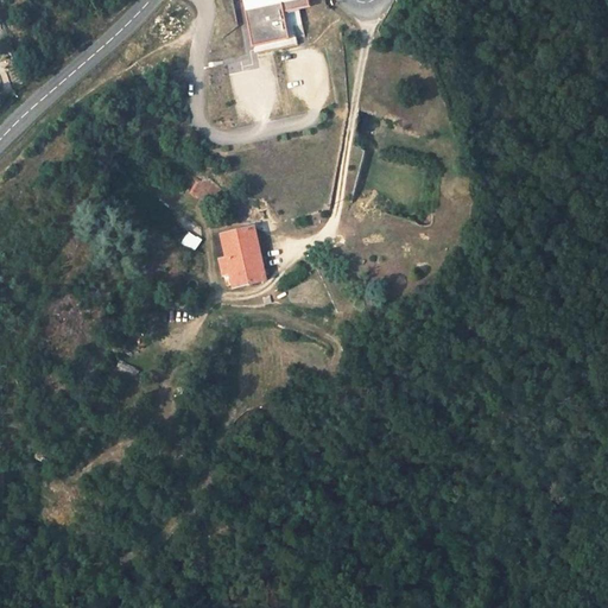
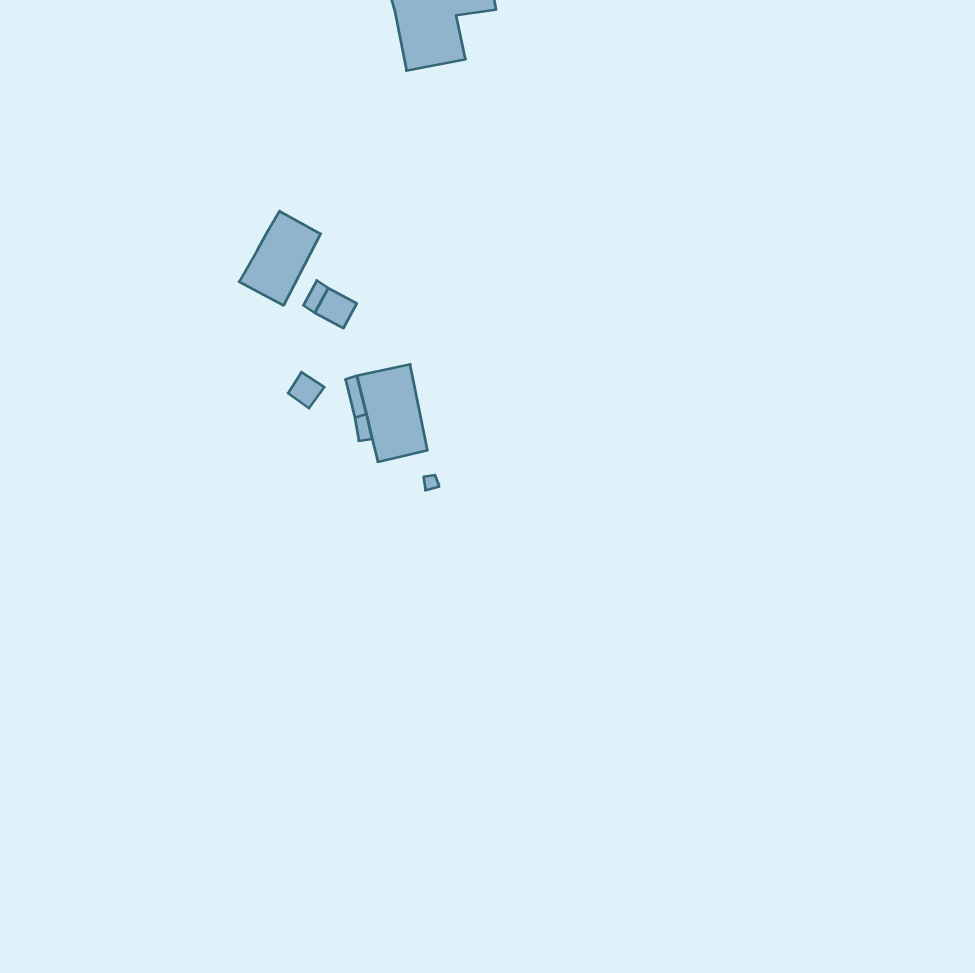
building: none -> [239,211,321,305]

